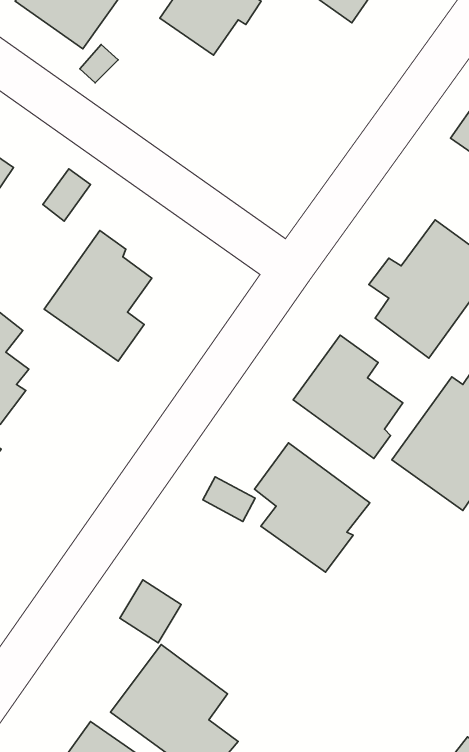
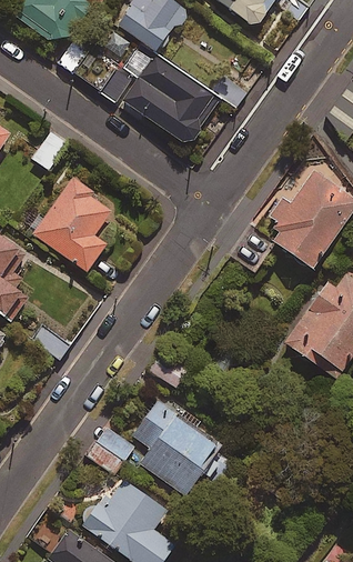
building: none -> [105,42,220,145]
building: [293,335,403,459] -> none
building: [255,443,370,572] -> [132,401,215,494]

